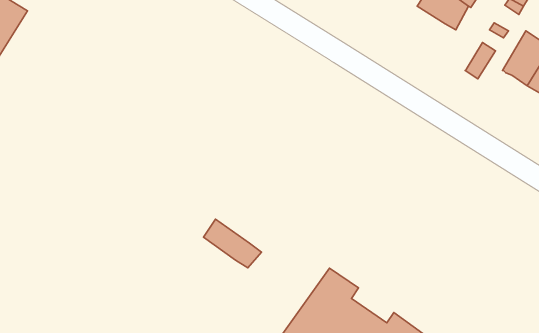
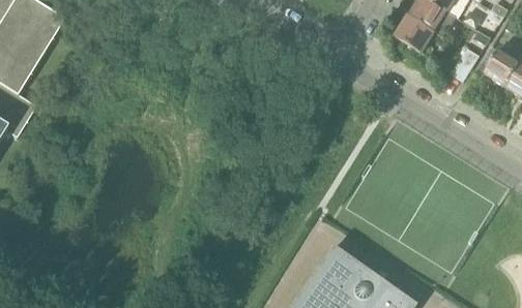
building: none -> [398,12,435,49]
building: [203,219,261,268] -> none

